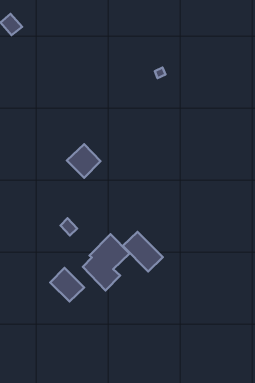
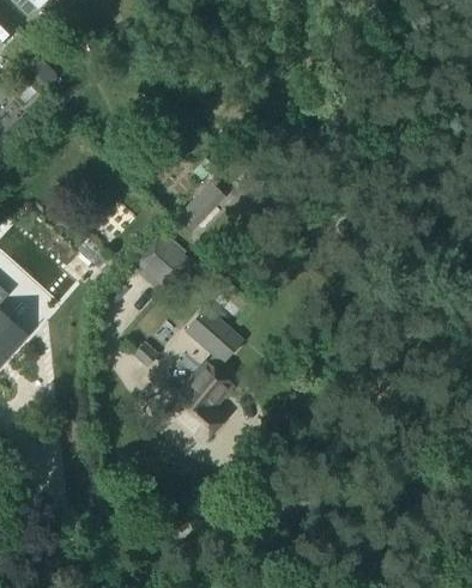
building: [123,232,163,271] -> [187,307,244,362]
building: [50,268,84,301] -> none

